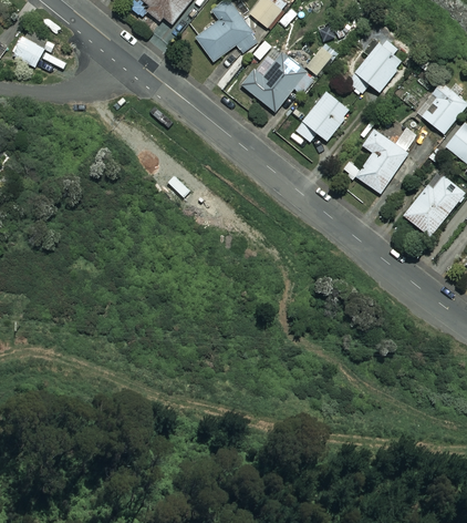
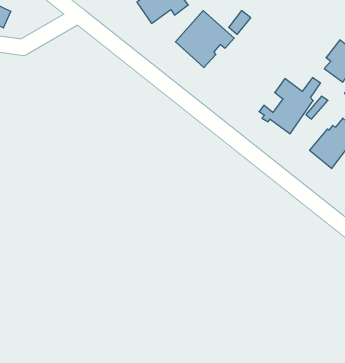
building: [349,41,401,94] -> none
building: [295,91,349,142] -> none

